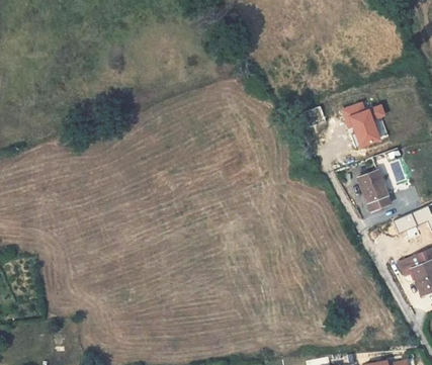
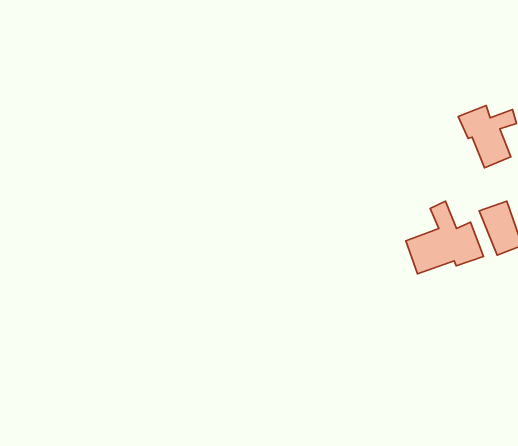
building: none -> [406,201,483,274]

